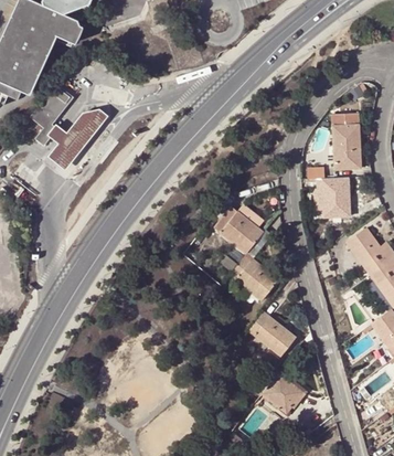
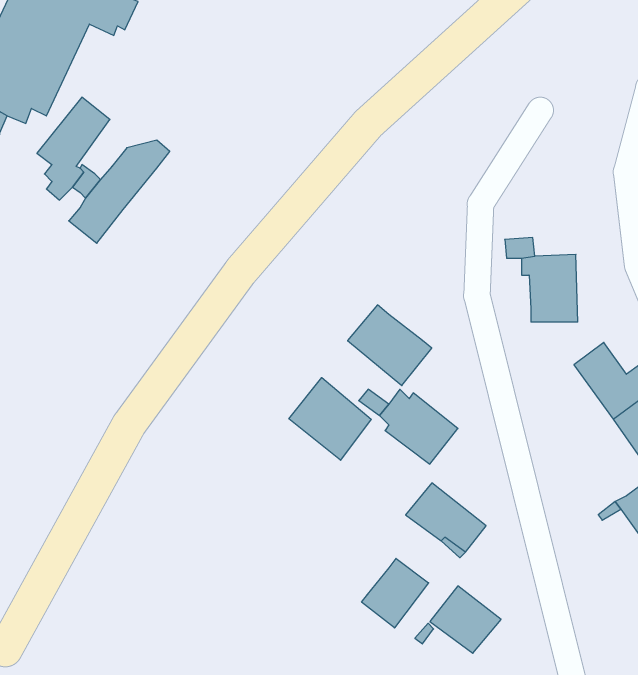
building: [331,113,359,169] -> none
building: none -> [289,378,371,460]
building: none -> [362,558,429,628]

